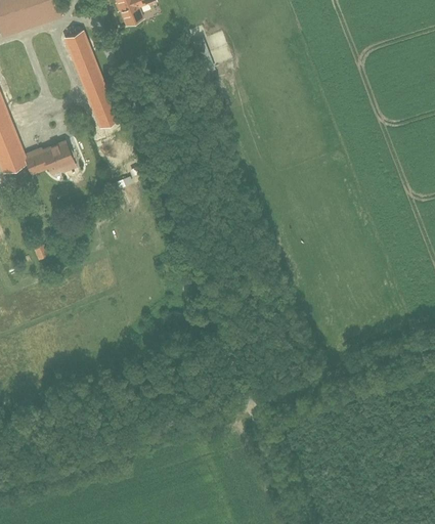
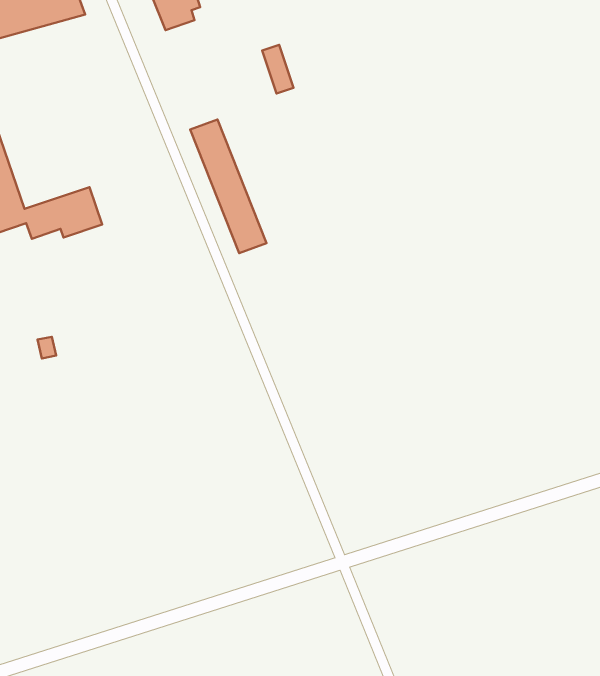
building: [64,32,119,127] -> [190,119,266,253]

